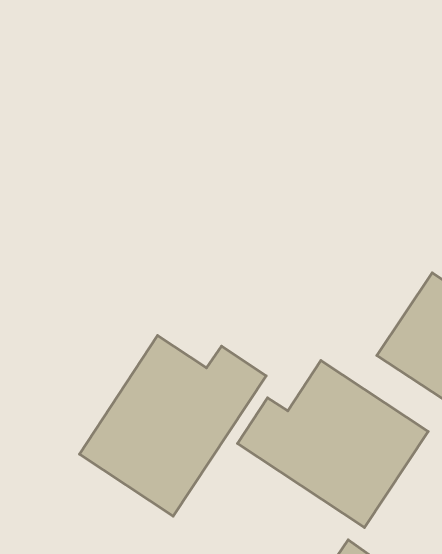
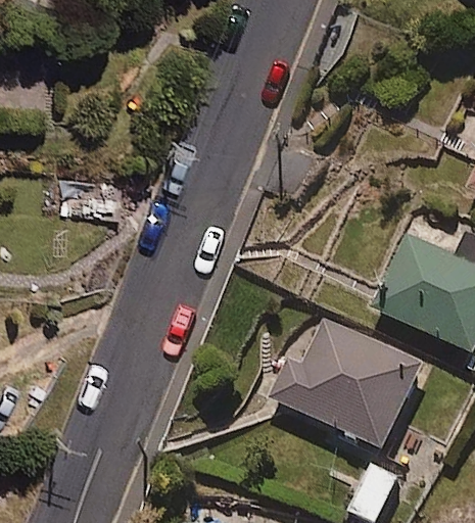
building: [79,336,266,516] -> none

